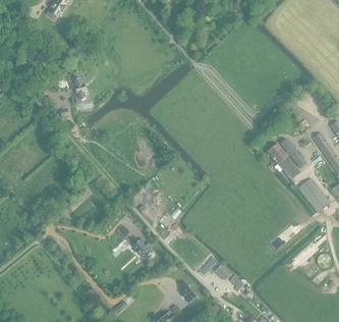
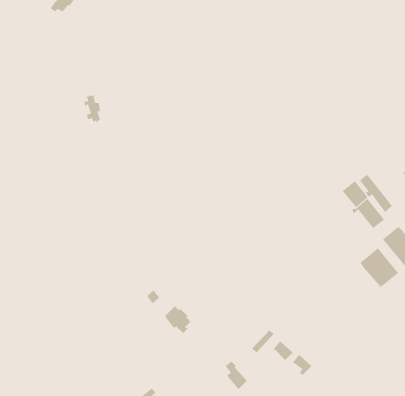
building: none -> [360,248,399,288]

